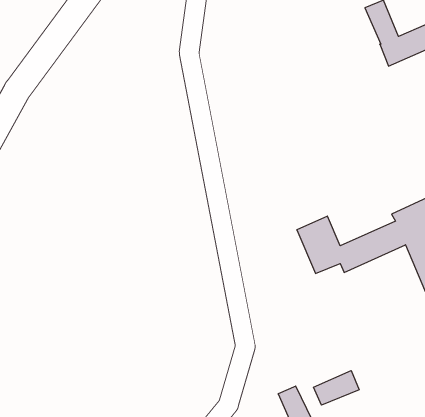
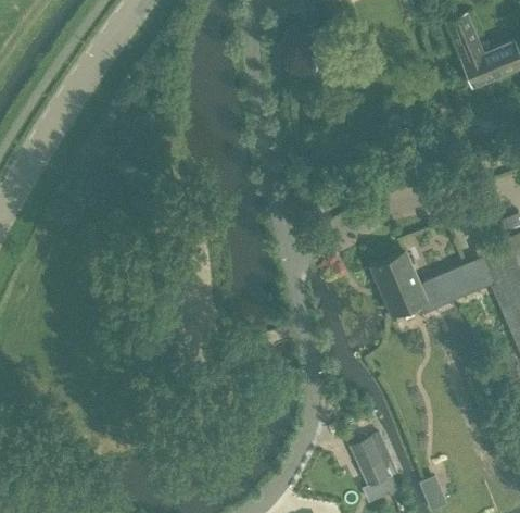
building: [314,371,359,405] -> none

